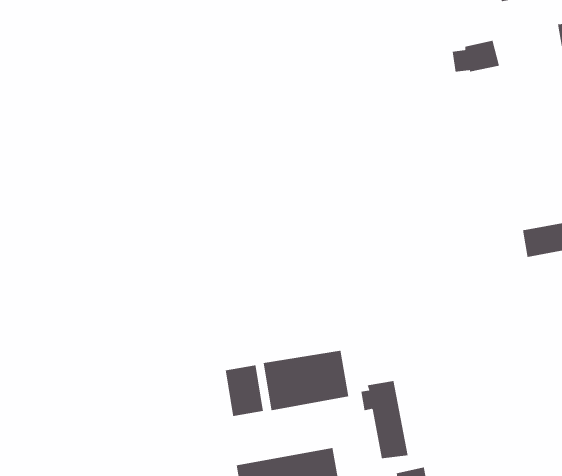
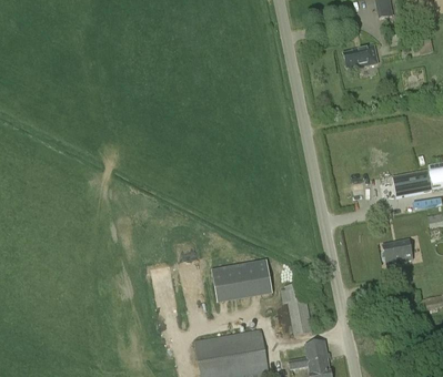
building: none -> [382,241,412,265]
building: [225,365,264,417] -> none

